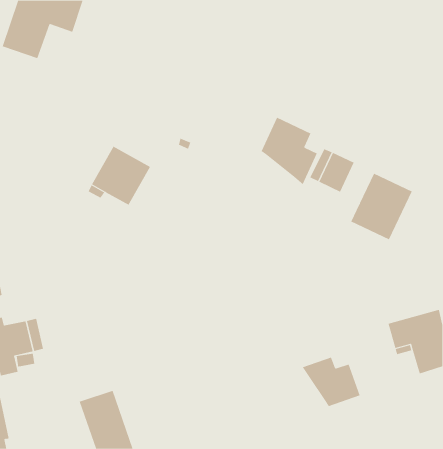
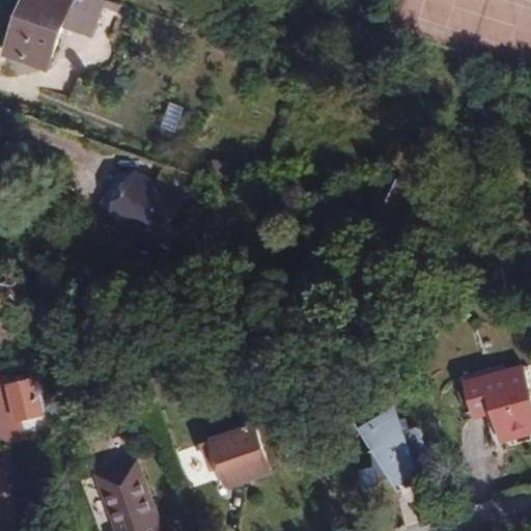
building: [261,117,317,185] -> none
building: [351,173,412,240] -> none
building: none -> [201,424,268,486]

